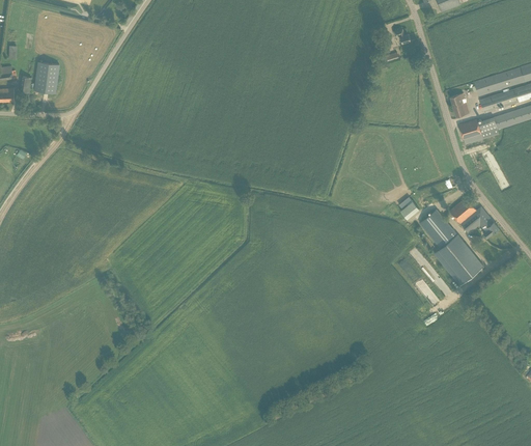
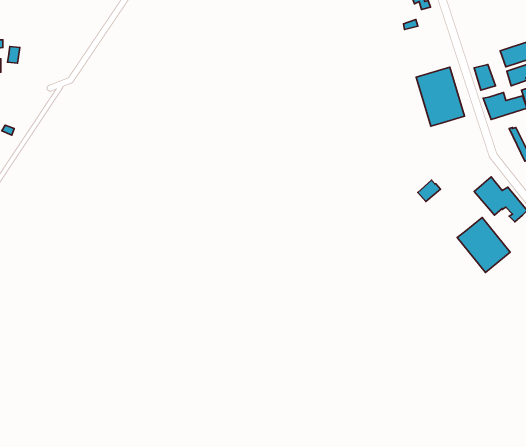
building: [33,60,58,92] -> none
building: none -> [416,67,465,126]
building: [418,207,456,247] -> none

